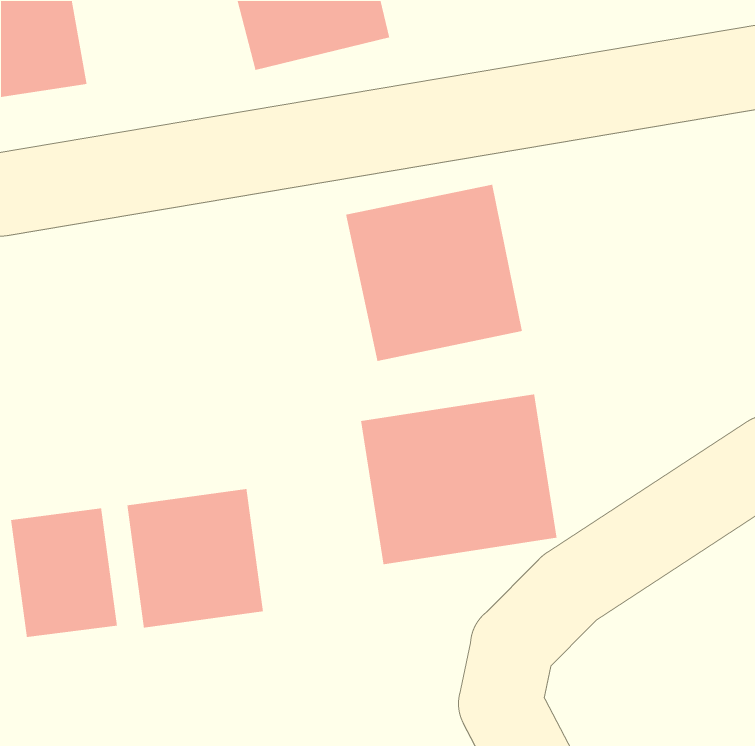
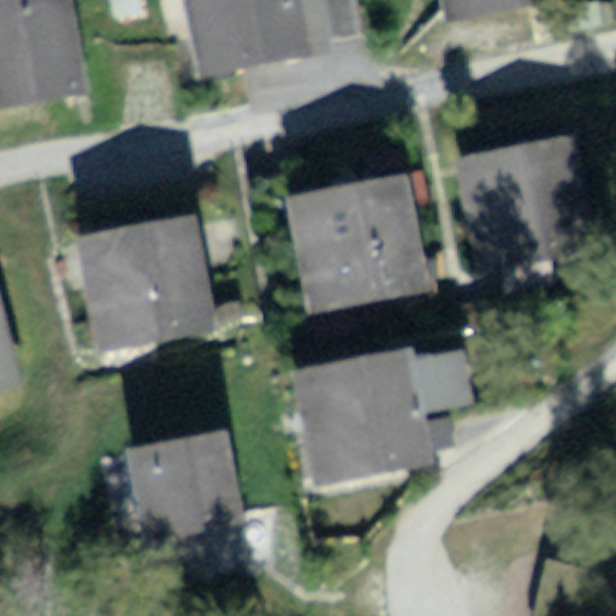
building: none -> [463,134,602,284]
building: none -> [69,191,214,350]
building: [10,508,118,638] -> none

